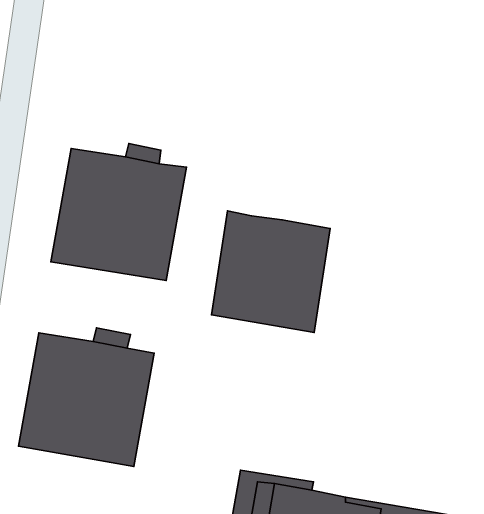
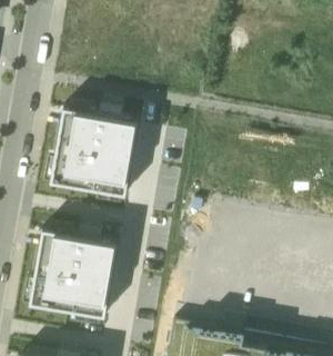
building: [211,211,330,333] -> none

